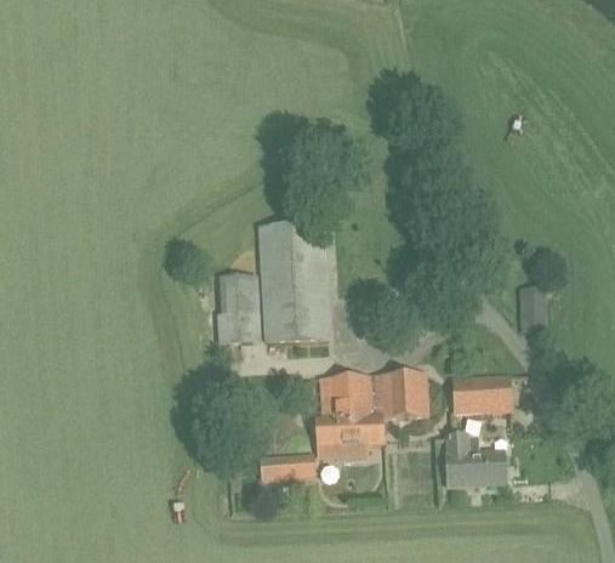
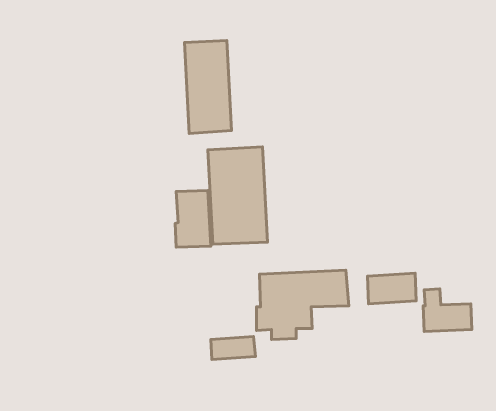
building: none -> [184,41,232,133]
building: [519,289,547,334] -> none
building: [446,434,506,487] -> [423,289,472,332]

